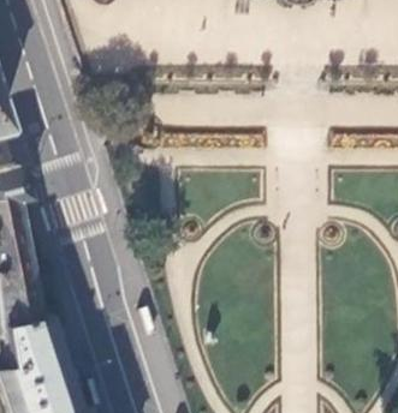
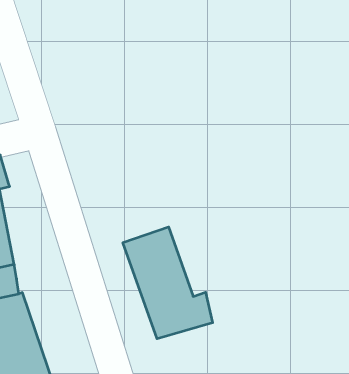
building: none -> [123,227,213,339]

